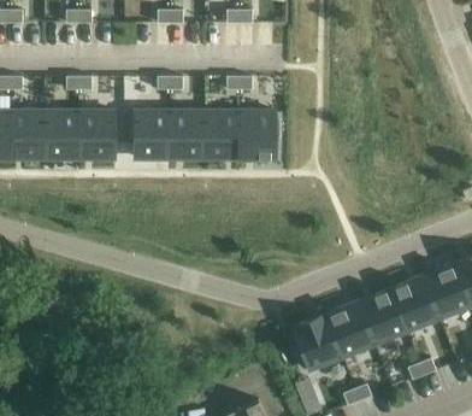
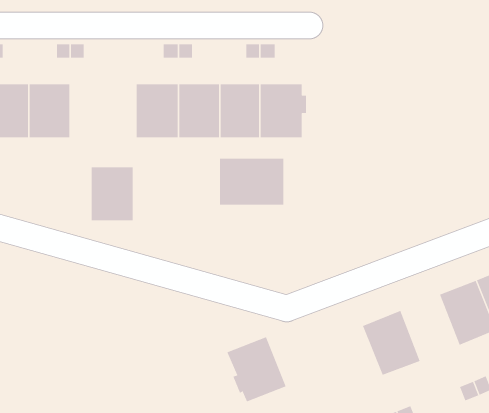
building: [78,111,114,157] -> [91,167,134,221]
building: none -> [219,158,284,206]
building: [358,289,407,346] -> none
building: [291,316,342,371] -> [227,337,286,402]

